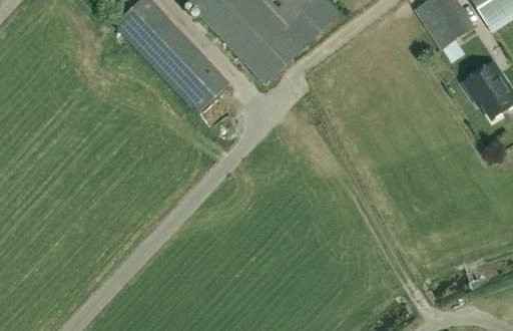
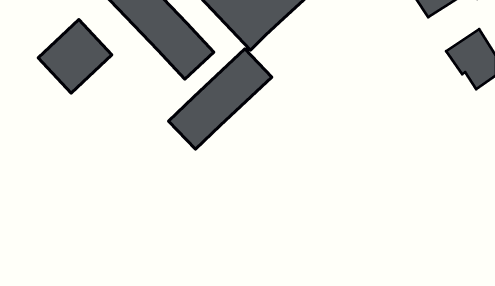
building: none -> [38,20,112,93]
building: none -> [168,49,272,149]

